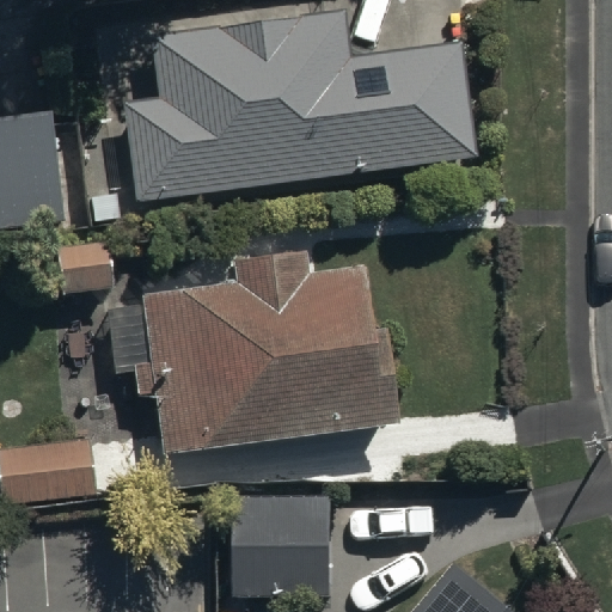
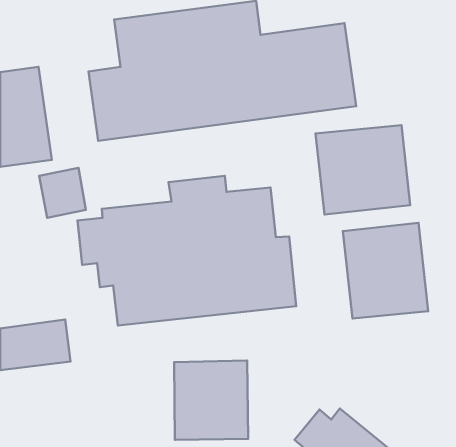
building: none -> [316,125,410,214]
building: none -> [343,223,428,318]

